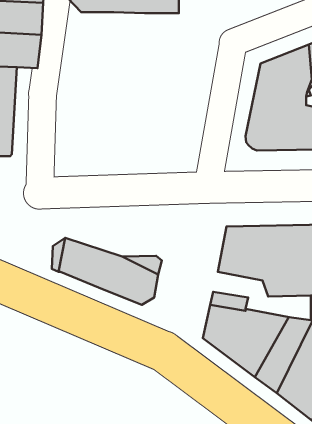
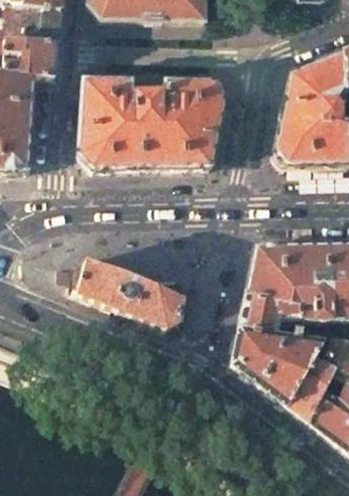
building: none -> [78,75,224,167]
building: none -> [241,292,300,319]

